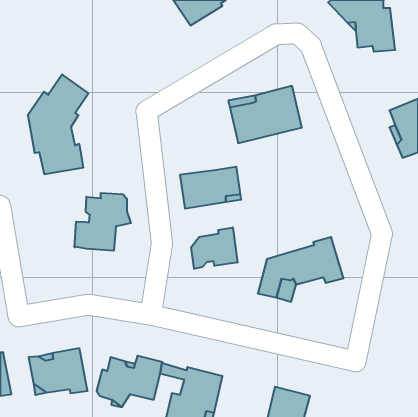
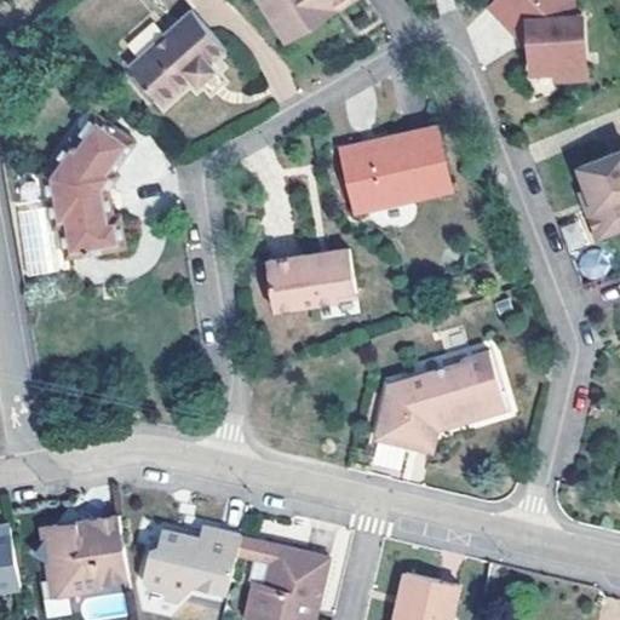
building: none -> [125,8,219,101]
building: [75,193,131,251] -> none
building: [191,227,237,269] -> none

